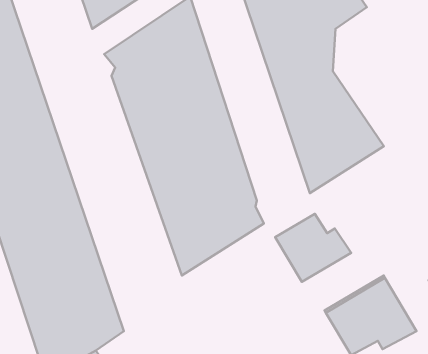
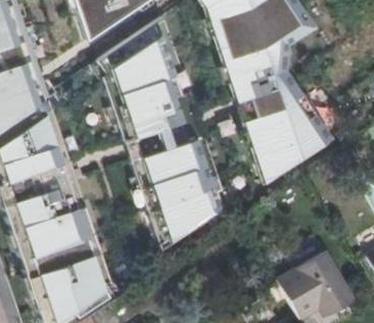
building: [275,214,351,282] -> none

